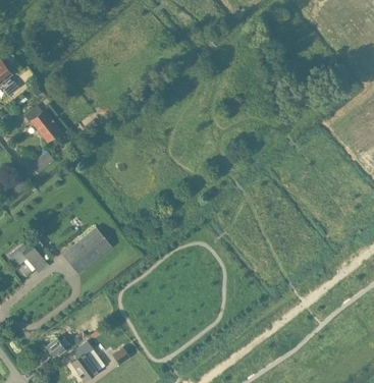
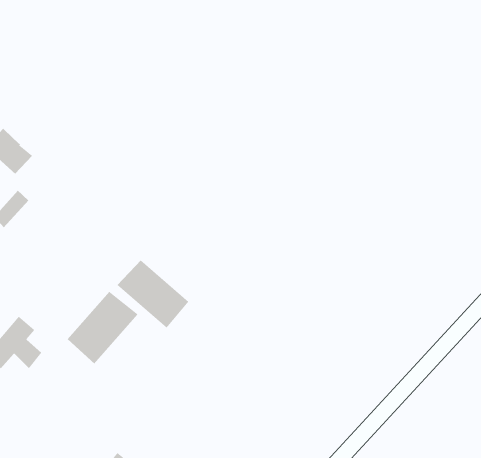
building: none -> [117,260,189,329]

